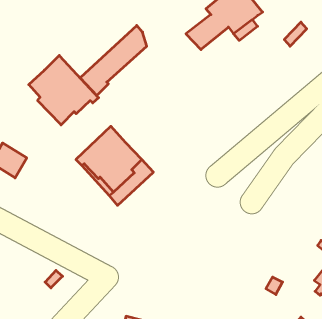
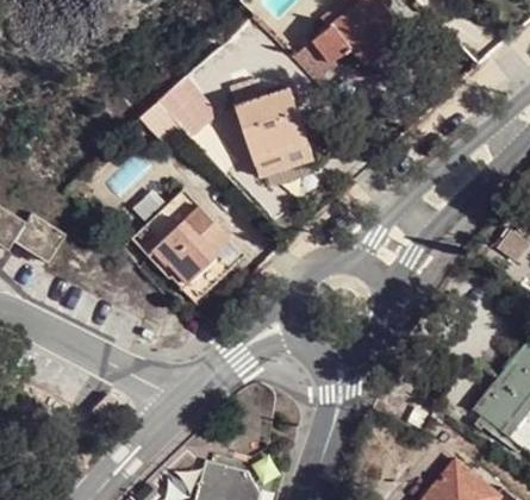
building: none -> [227,80,311,176]
building: [29,55,99,125] -> none

